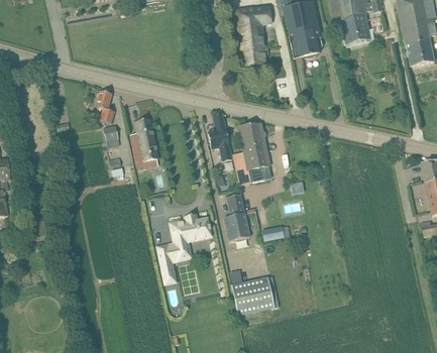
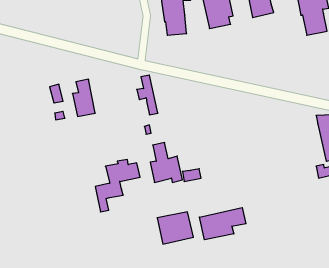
building: [96,90,114,123] -> none
building: [233,123,268,184] -> none
building: none -> [199,208,246,240]

